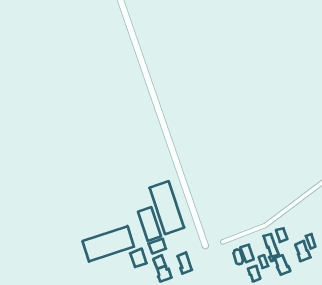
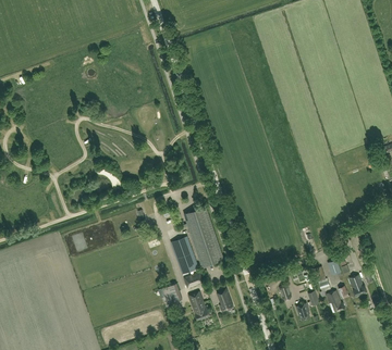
building: [83,226,134,262] -> none

